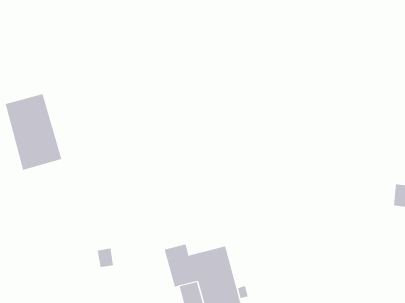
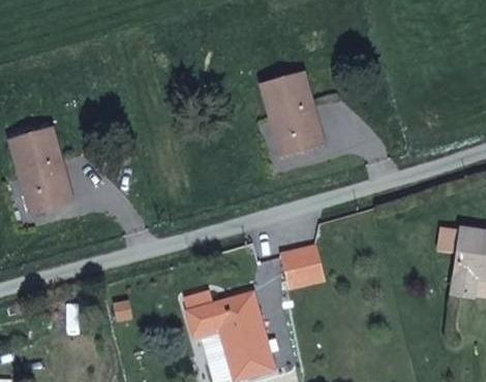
building: none -> [262,72,324,157]
building: none -> [282,247,324,287]

